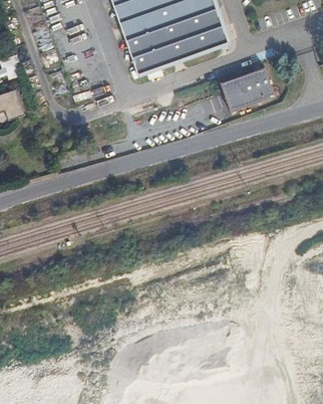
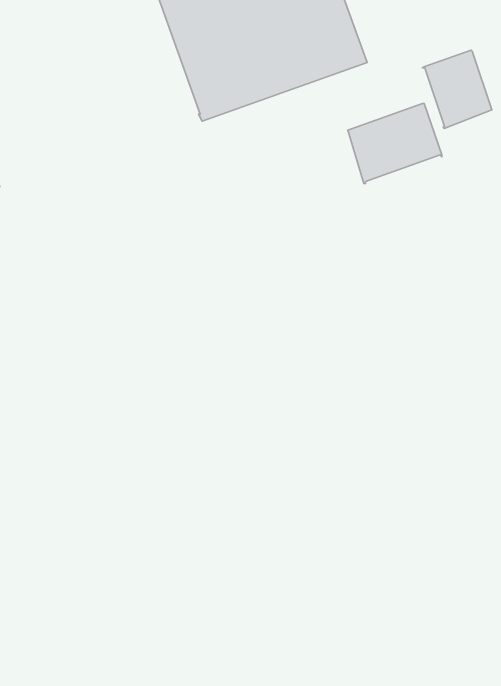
building: none -> [423,50,492,128]

